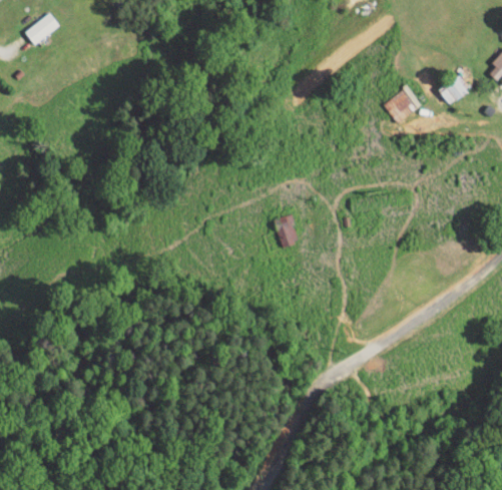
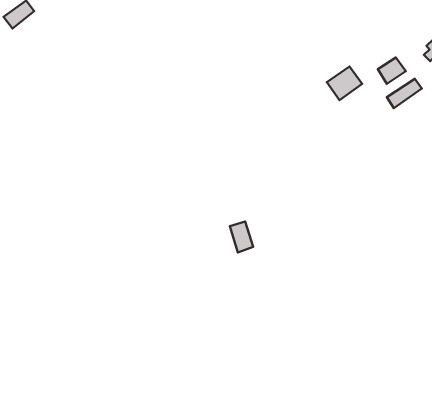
building: none -> [387,79,422,108]
building: [274,214,300,249] -> [230,222,253,252]

